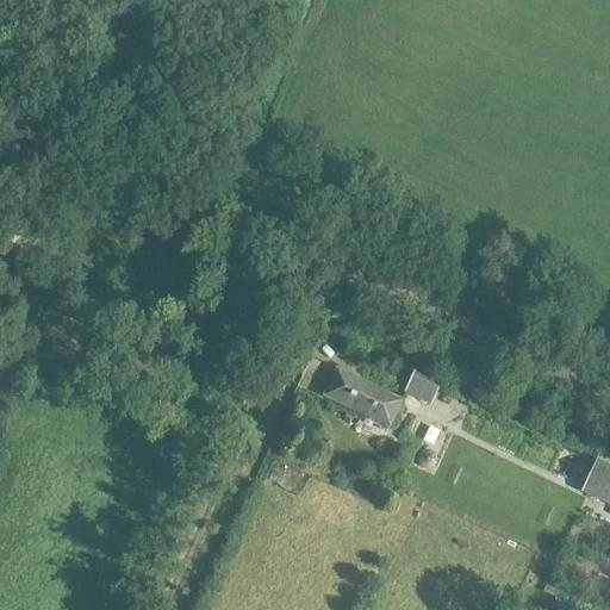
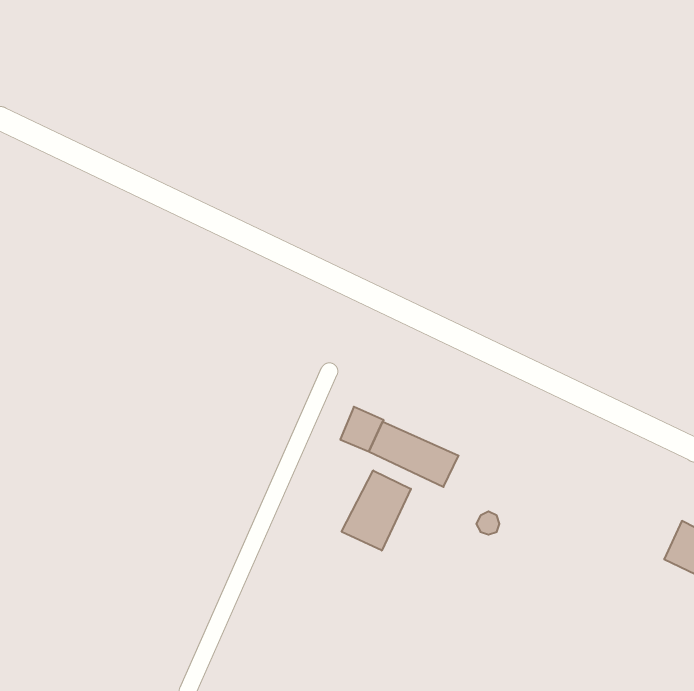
building: [405,369,442,403] -> none
building: none -> [342,470,411,551]

